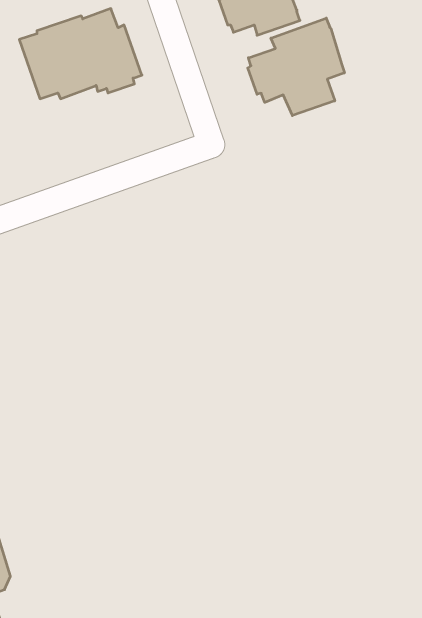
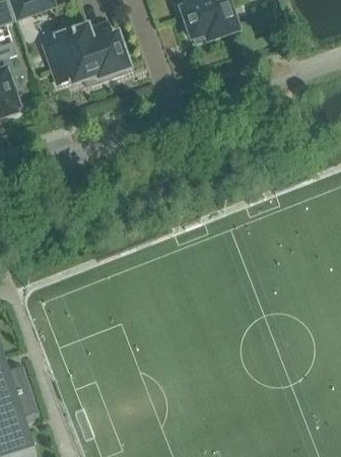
building: [248,18,344,116] -> none

